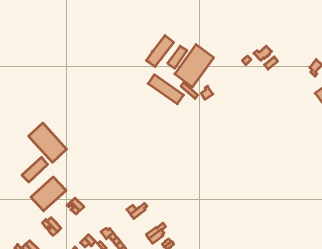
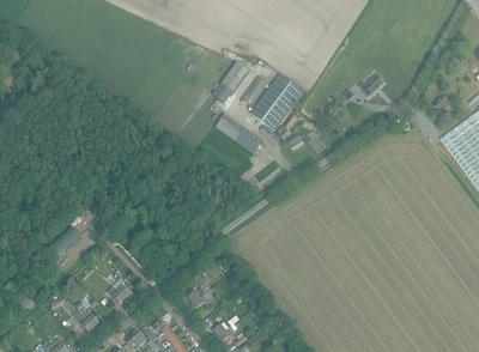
building: [29,123,67,162] -> none
building: [31,177,66,211] -> none

